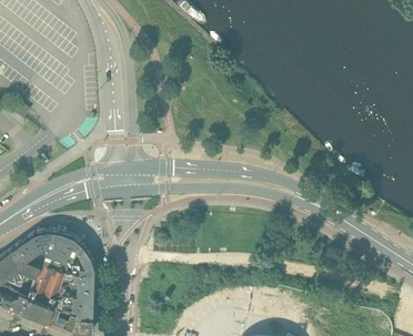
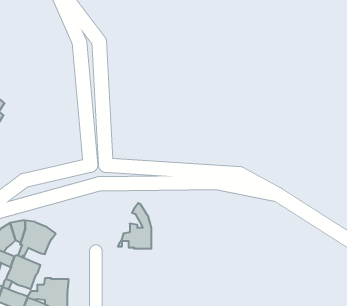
building: [60,245,94,292] -> [118,203,151,249]

